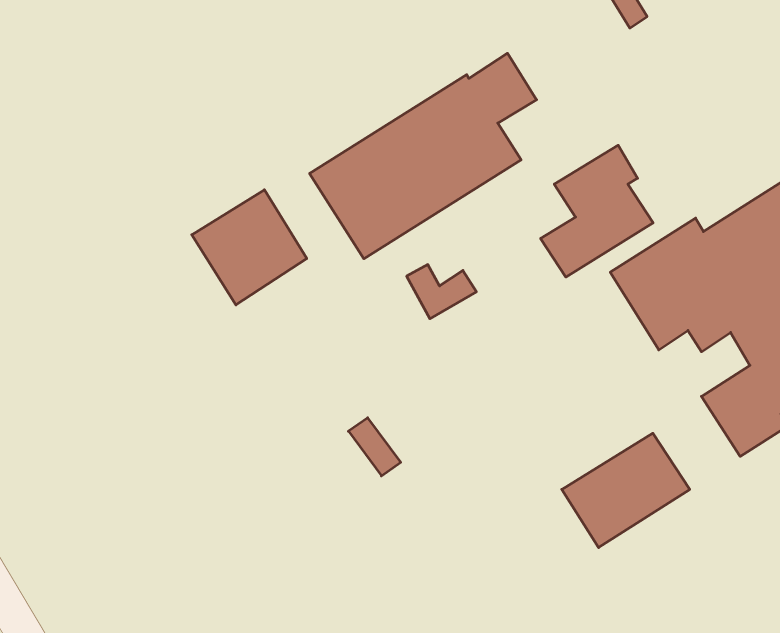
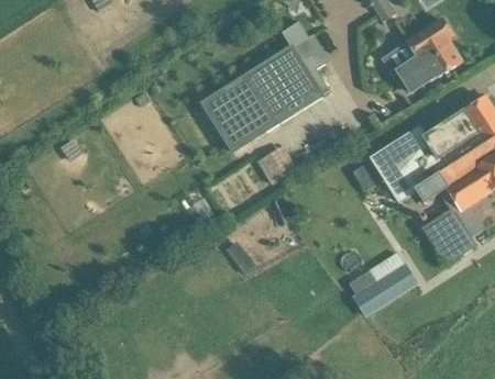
building: [541,145,653,277] -> [397,18,461,92]
building: [192,190,307,305] -> none

